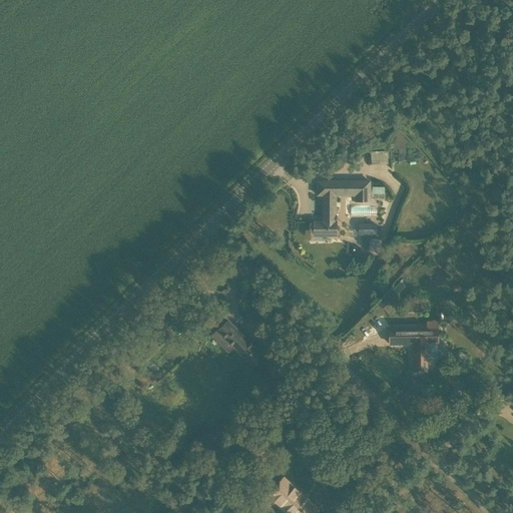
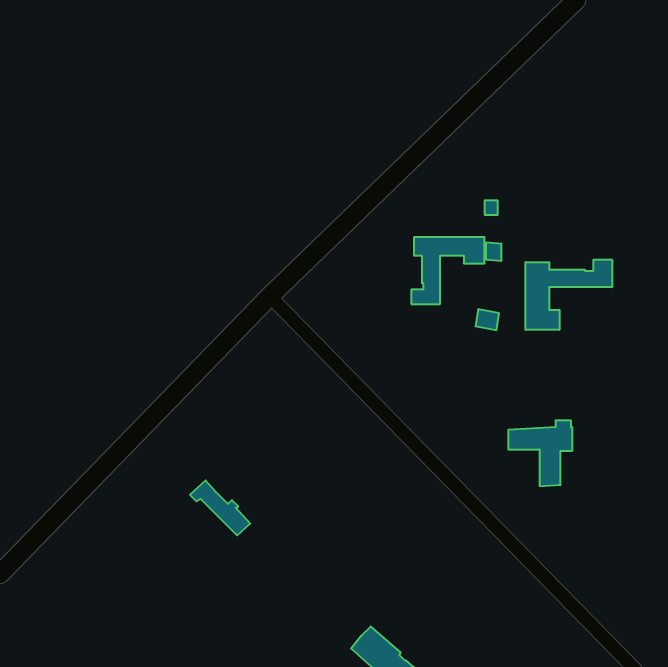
building: none -> [525,260,612,330]
building: [215,324,262,366] -> [190,480,250,535]

